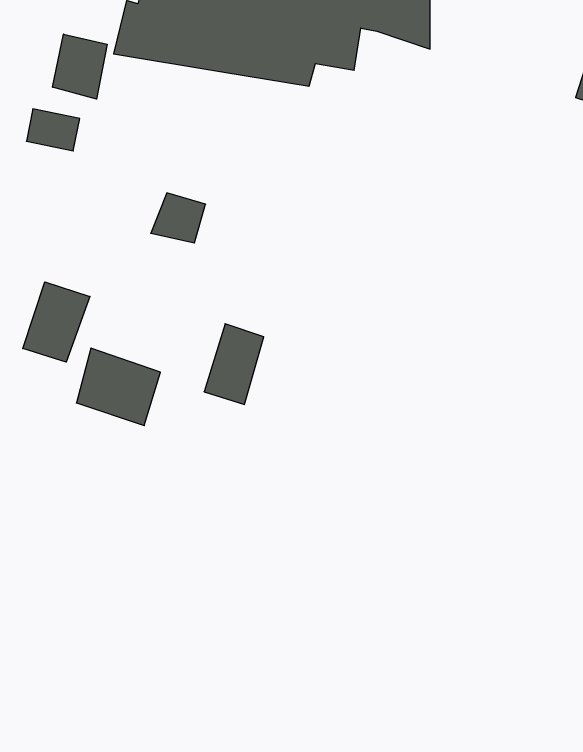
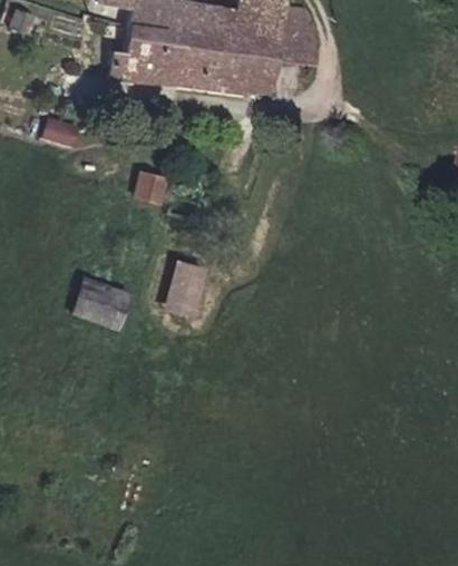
building: [53,34,107,99] -> none
building: [23,282,90,362] -> none

